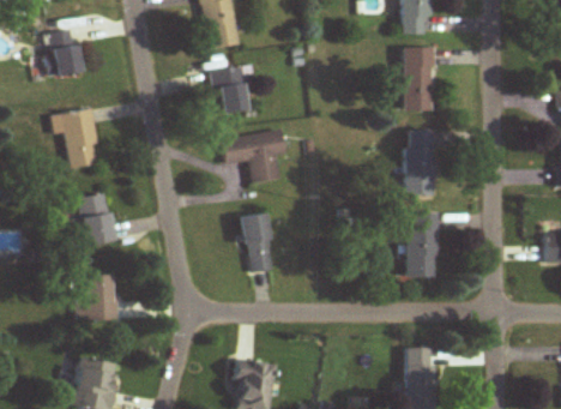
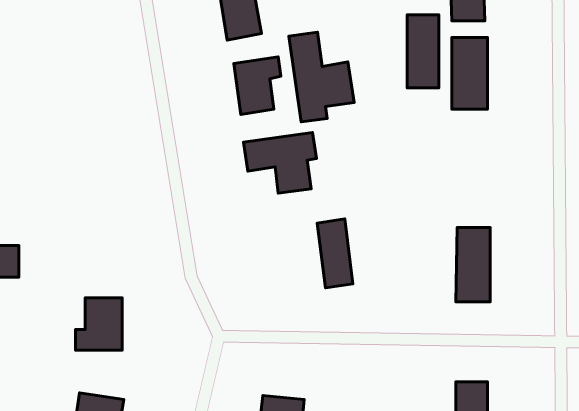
building: [48,32,77,74] -> none
building: none -> [289,32,354,122]
building: [50,109,99,169] -> none
building: [406,131,434,194] -> [407,15,439,88]
building: [77,193,116,247] -> none
building: [242,213,273,273] -> [317,219,353,288]

